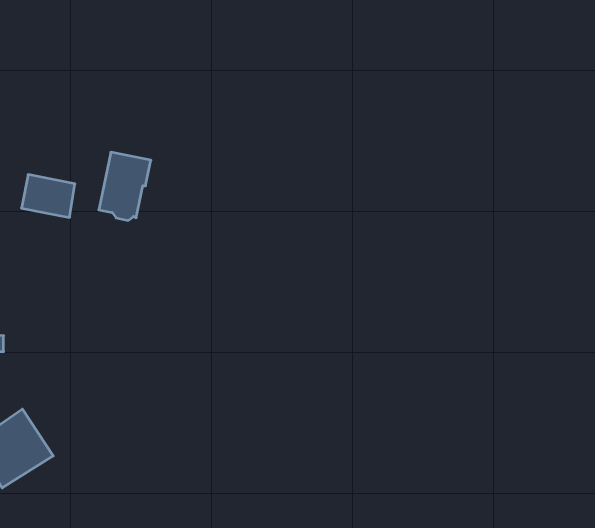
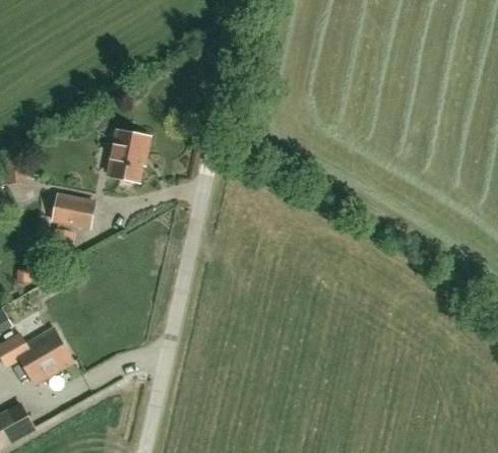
building: [21,175,75,217] -> [52,194,92,226]

